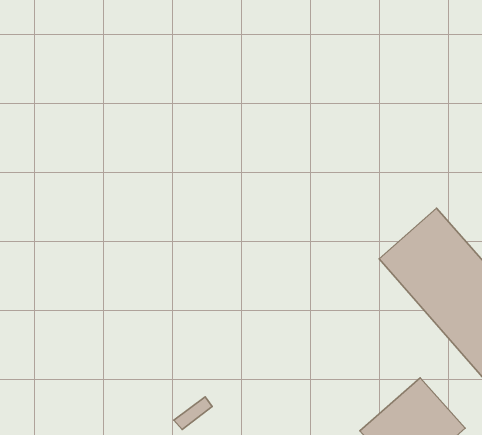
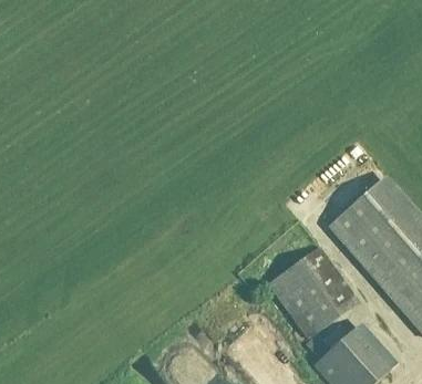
building: none -> [268,246,361,339]

